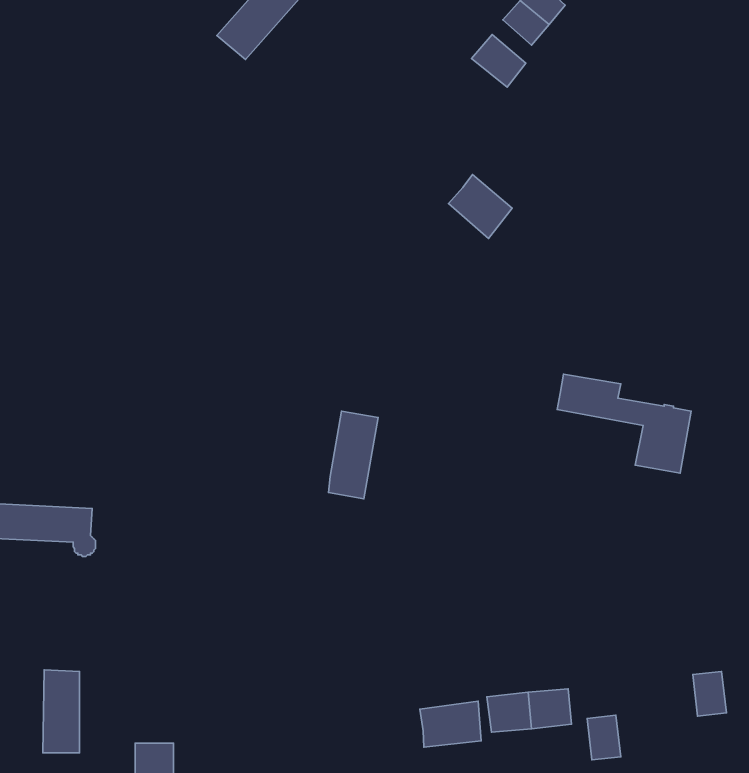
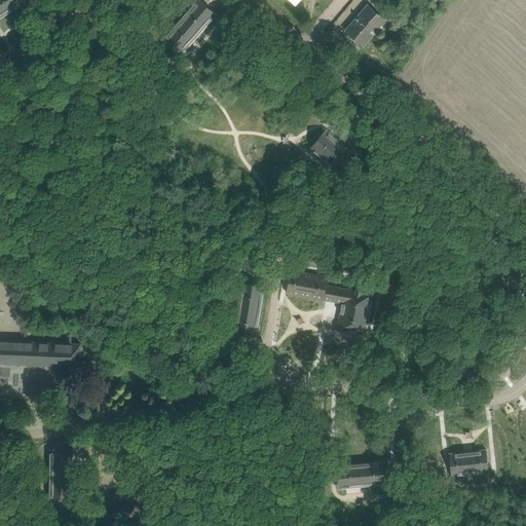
building: [472,34,526,87] -> none
building: [557,374,691,473] -> [286,271,372,335]
building: [420,701,481,747] -> none
building: [587,715,621,760] -> [448,452,469,481]

